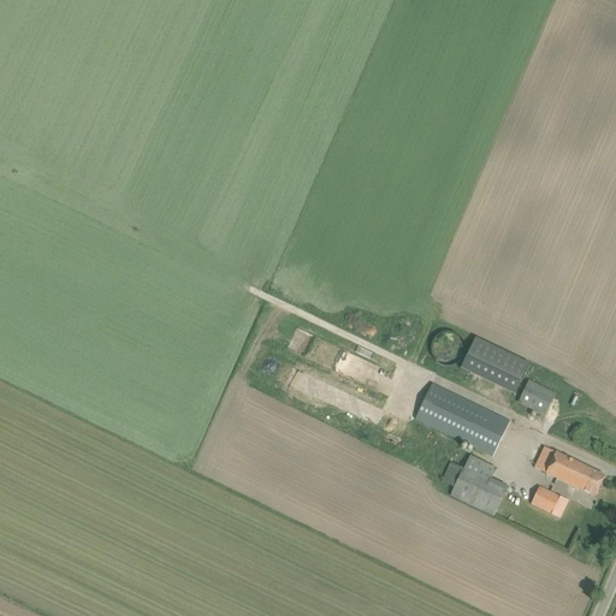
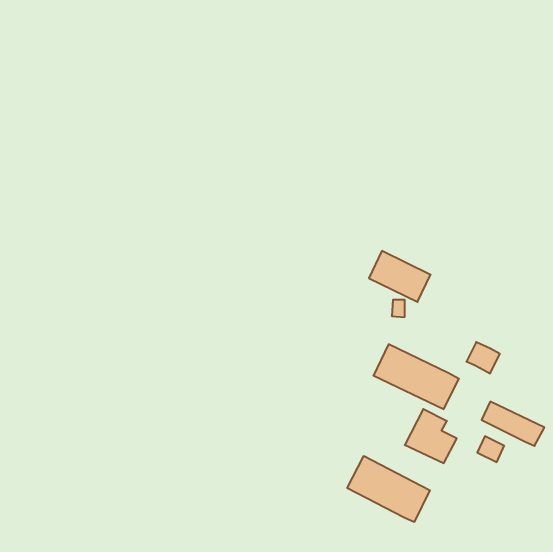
building: [461,334,529,391] -> [369,251,431,302]
building: none -> [347,456,430,522]

